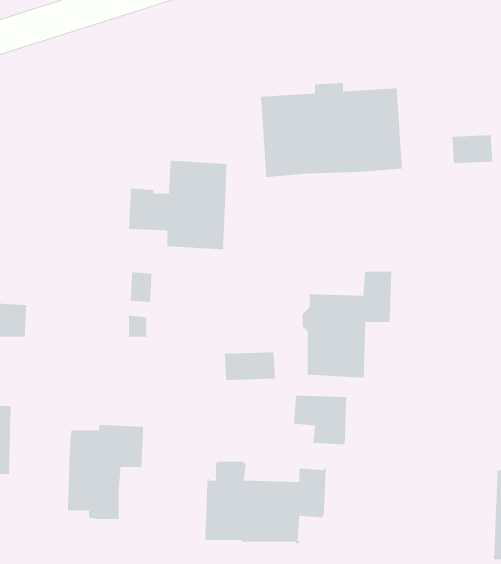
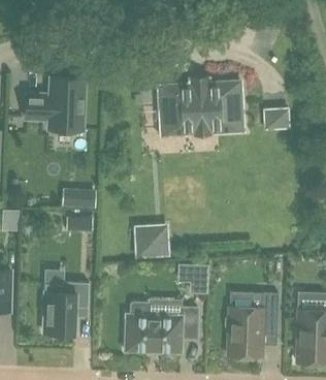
building: [128,160,227,250] -> [26,77,85,131]
building: [302,271,392,378] -> [225,293,279,357]

